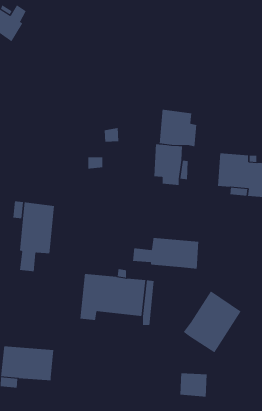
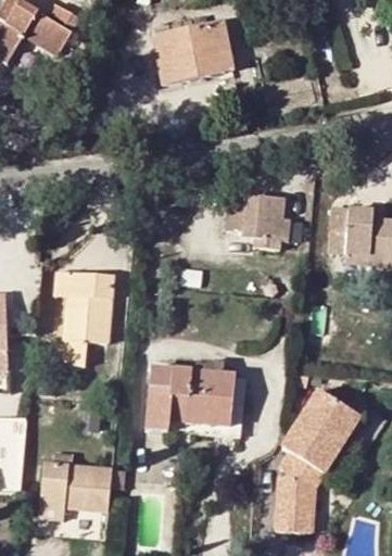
building: none -> [153,21,231,81]
building: [159,109,197,147] -> none
building: [132,237,199,269] -> none
building: none -> [280,451,326,501]

